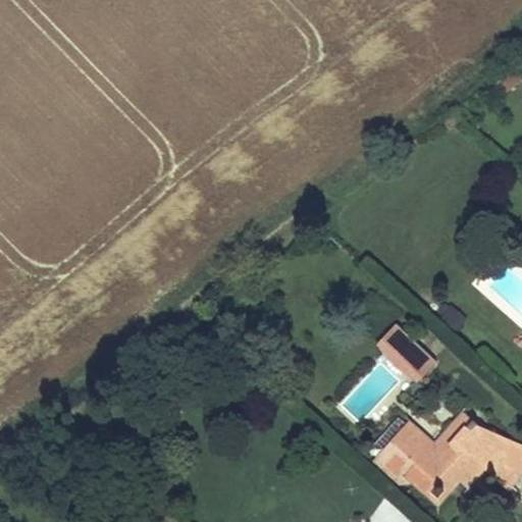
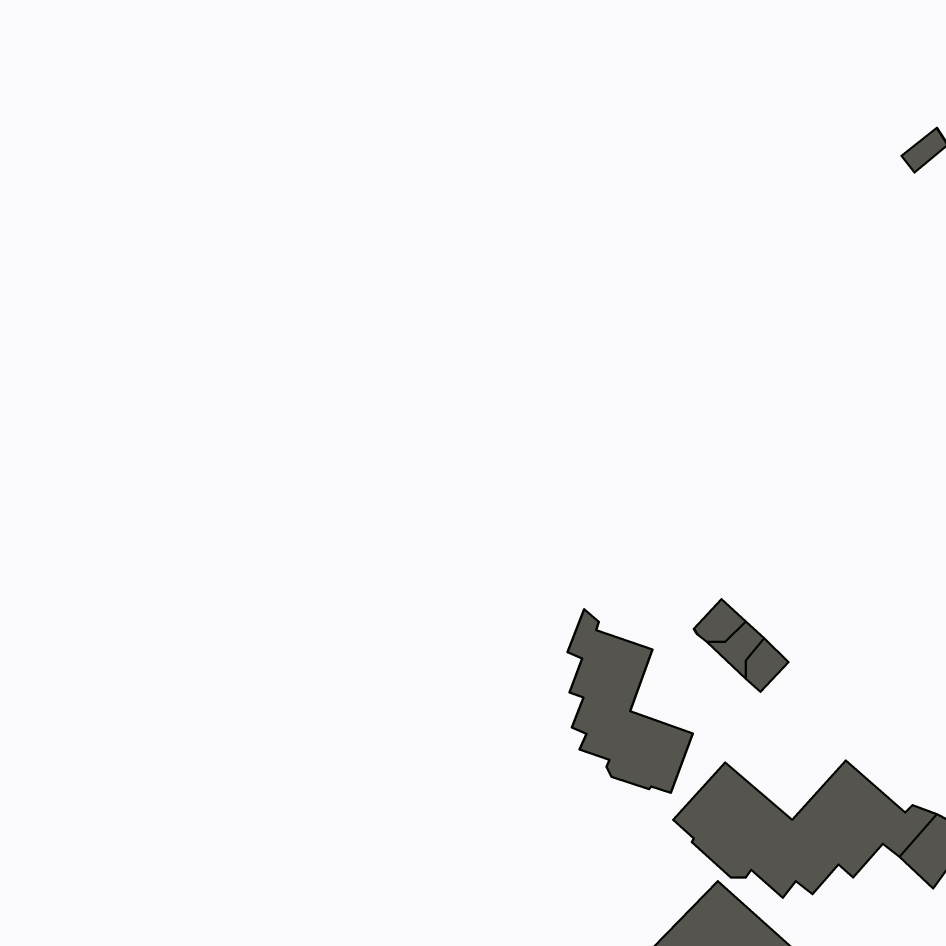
building: none -> [567,609,693,793]

